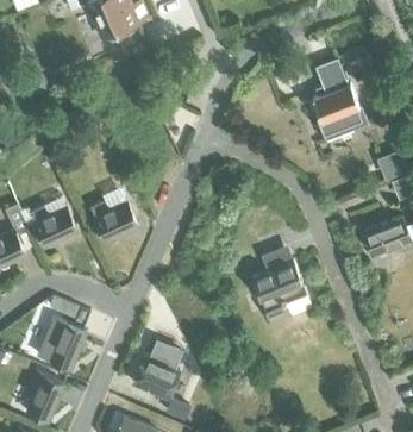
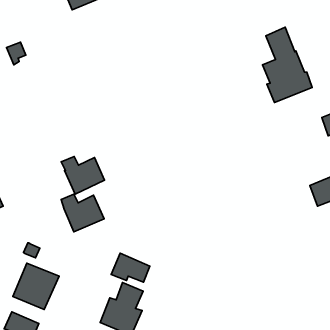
building: [30,205,77,246] -> [61,194,104,232]
building: [251,259,306,323] -> none
building: none -> [111,253,150,282]

